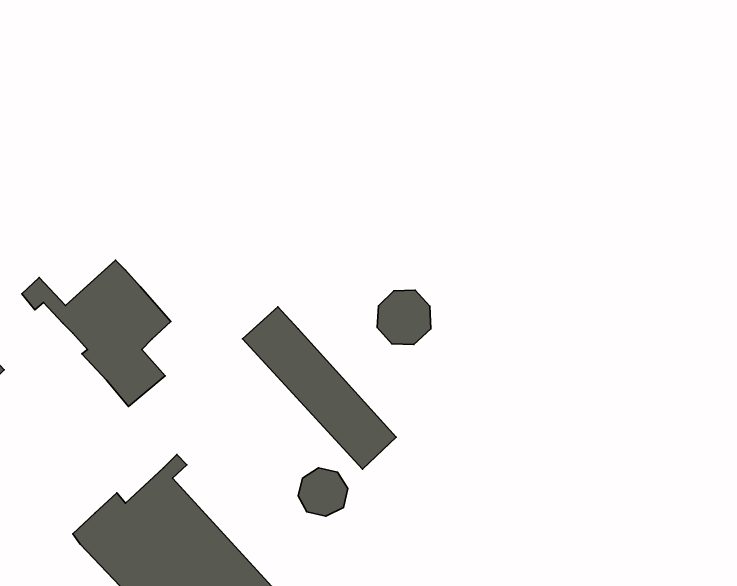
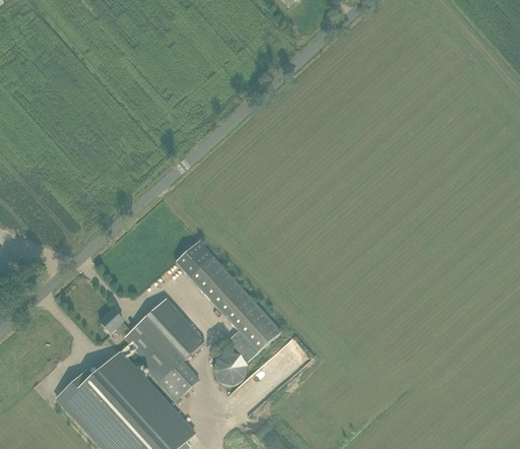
building: [22,260,171,407] -> [101,299,204,400]
building: [377,290,431,344] -> none

